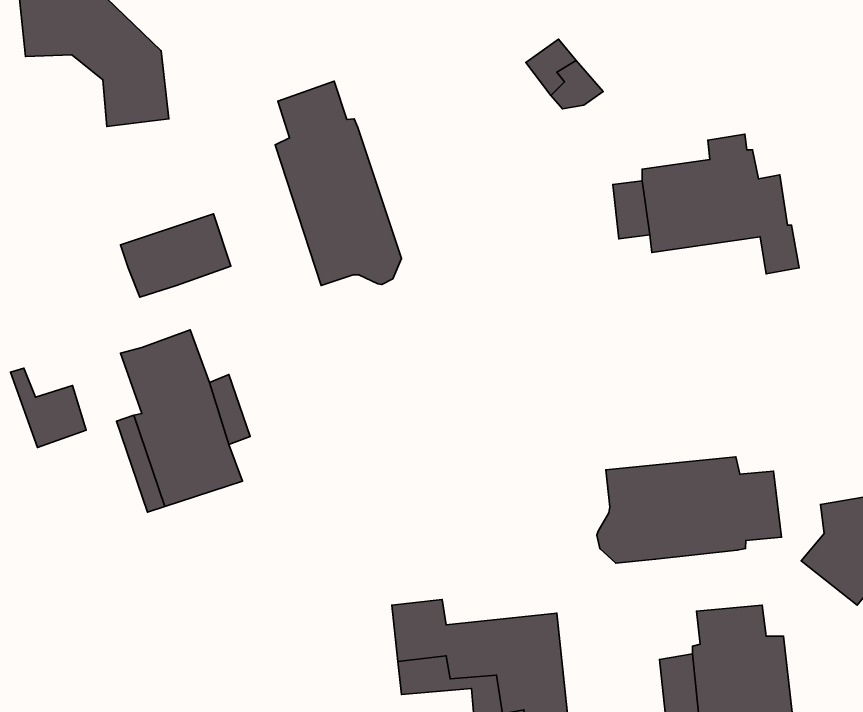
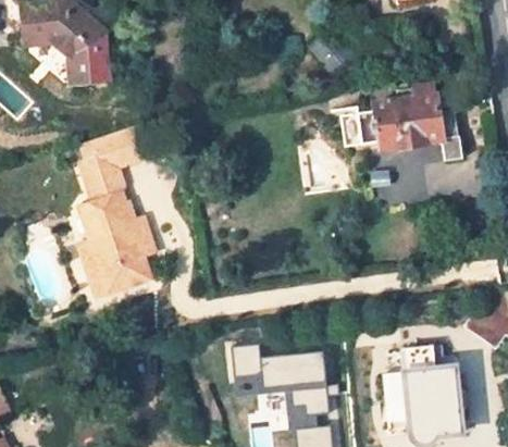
building: [275,81,402,286] -> none
building: [10,368,86,448] -> [77,158,120,202]
building: [597,457,782,563] -> none

